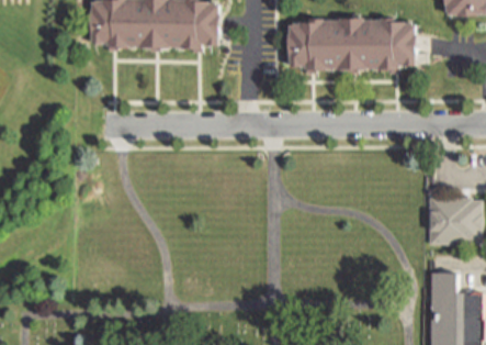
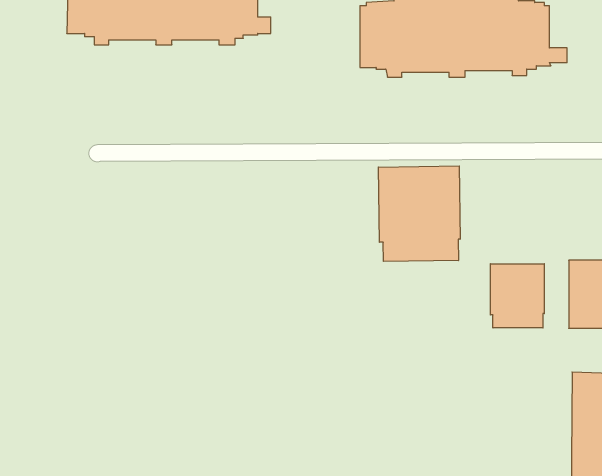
building: none -> [378,166,460,261]
building: none -> [490,264,544,328]

